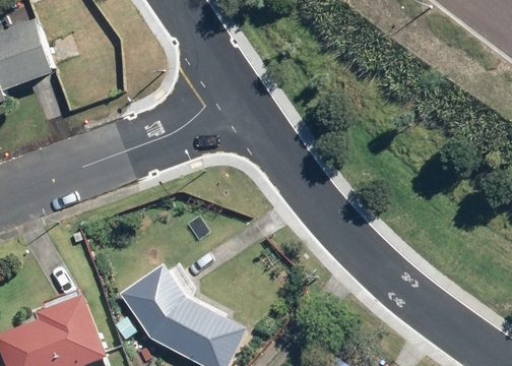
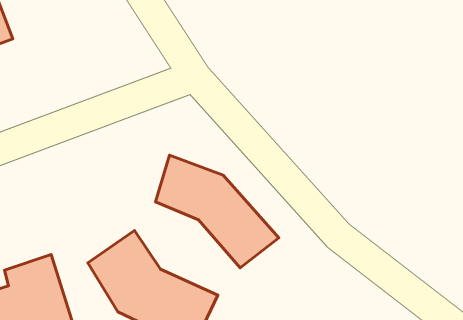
building: none -> [155,155,279,268]

